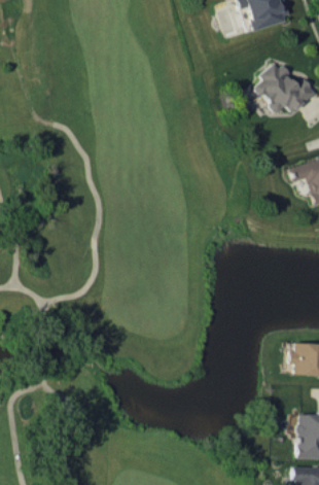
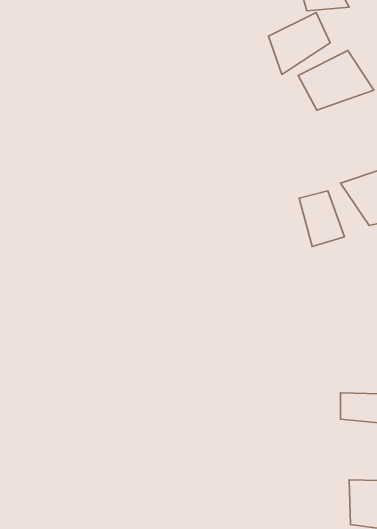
building: none -> [269,12,330,74]
building: none -> [299,191,345,246]

